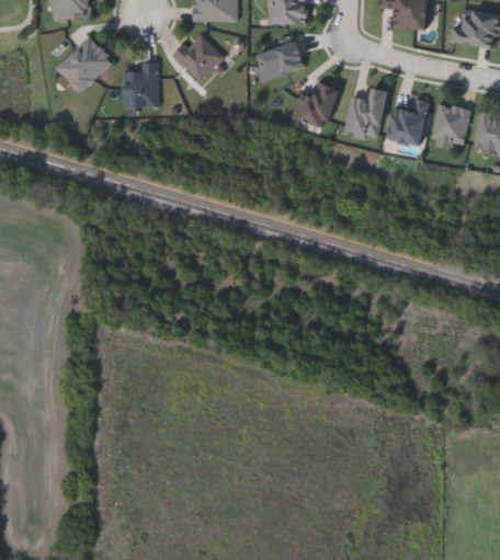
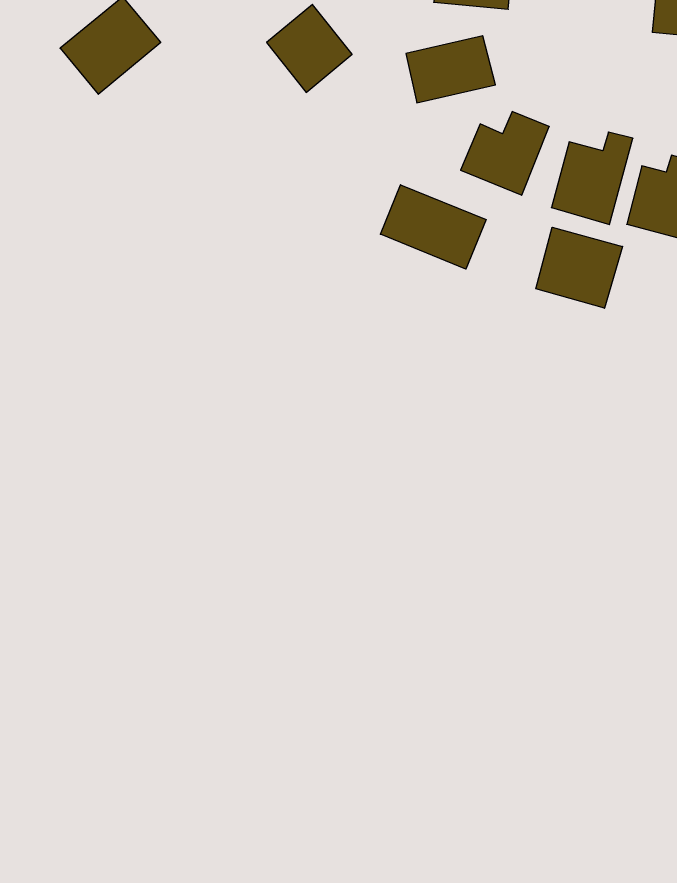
building: [123,62,157,107] -> none
building: none -> [380,185,486,269]
building: none -> [536,227,623,308]

